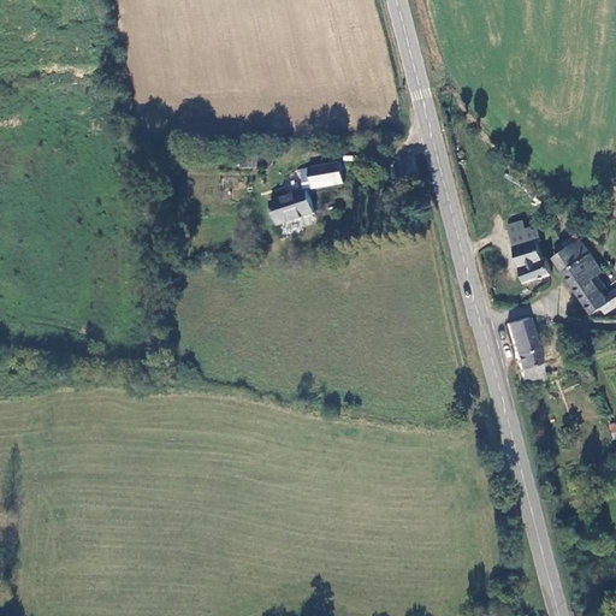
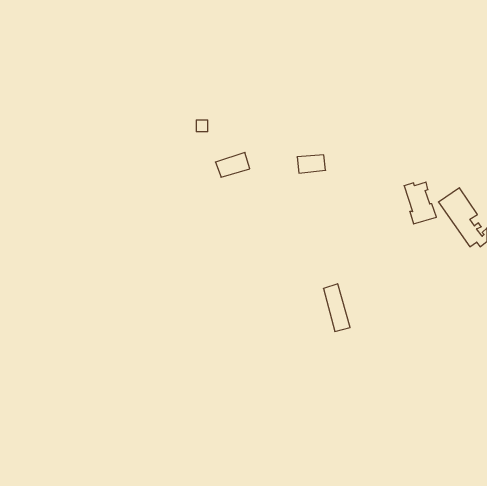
building: [312,166,348,189] -> [297,155,326,173]
building: [508,320,541,380] -> [323,284,350,331]

